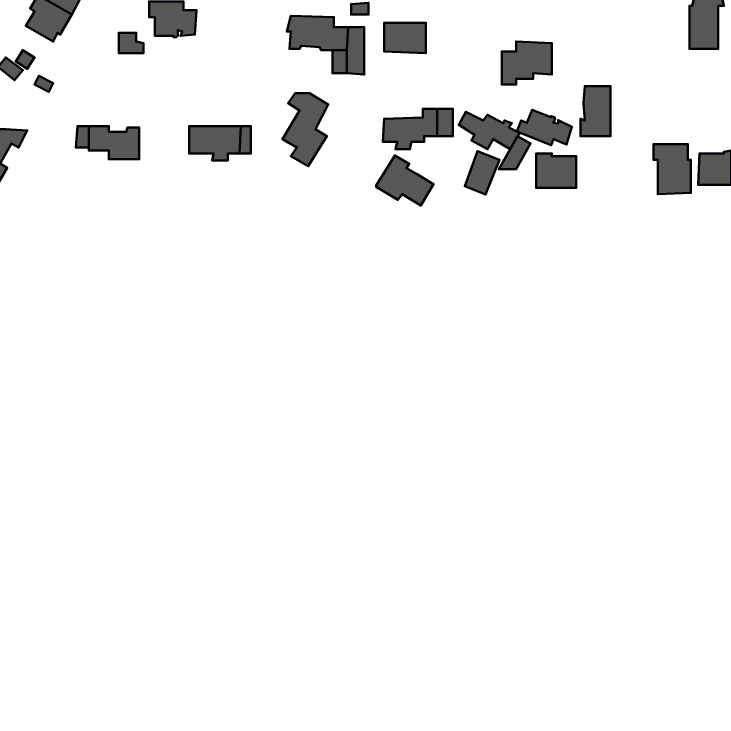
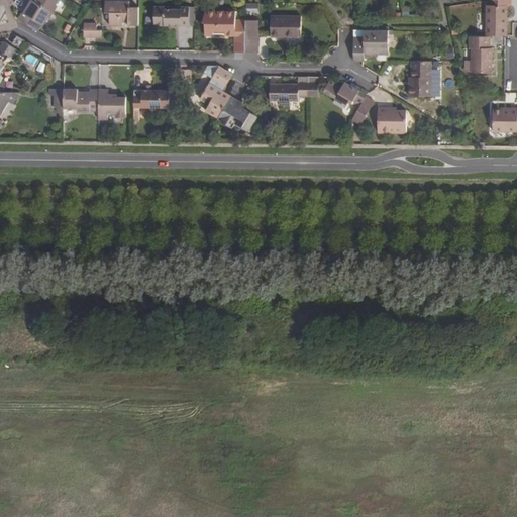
building: none -> [152,7,188,26]
building: [517,110,572,145] -> none
building: none -> [98,90,125,122]
building: [654,144,691,194] -> [463,35,490,71]
building: [465,151,499,194] -> none
building: [376,155,434,206] -> [217,96,257,131]

